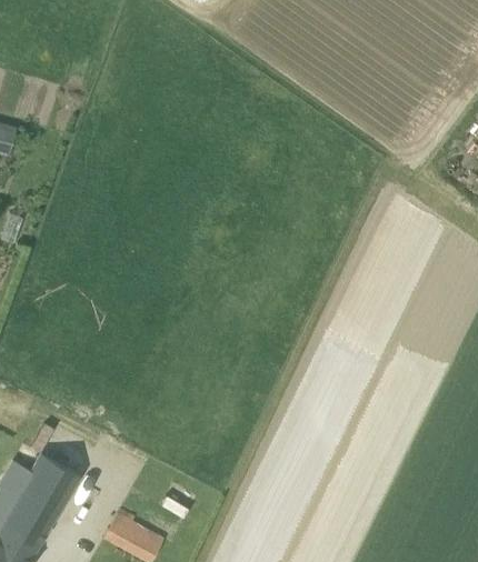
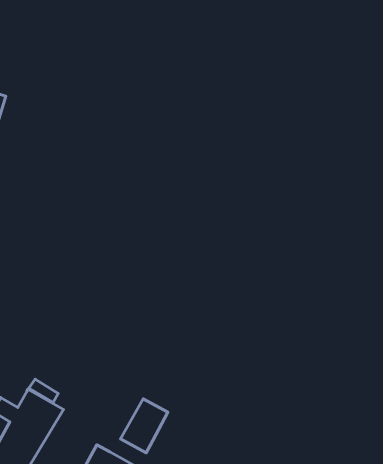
building: none -> [120,399,168,453]

